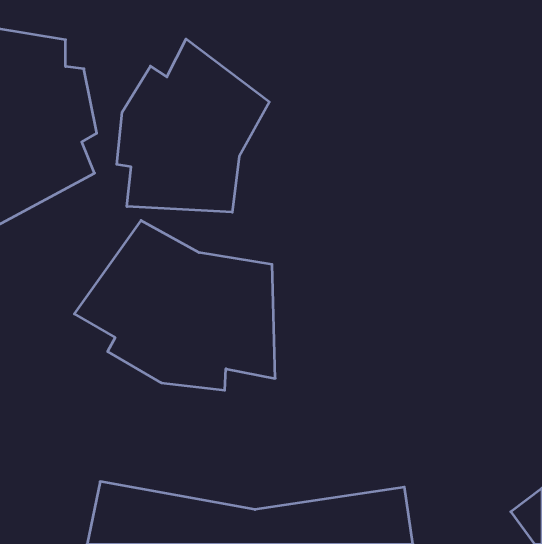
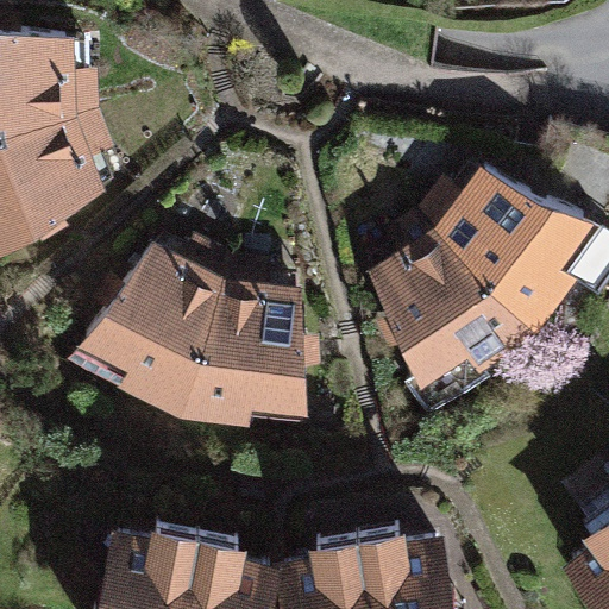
building: [117,39,269,212] -> none
building: none -> [365,169,592,390]

